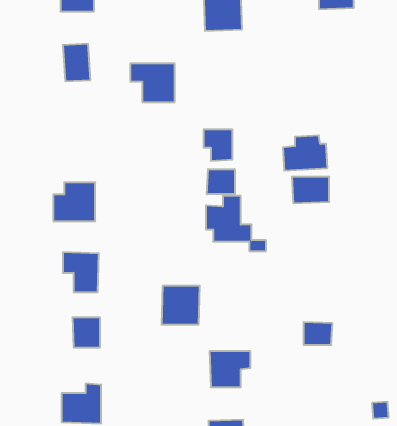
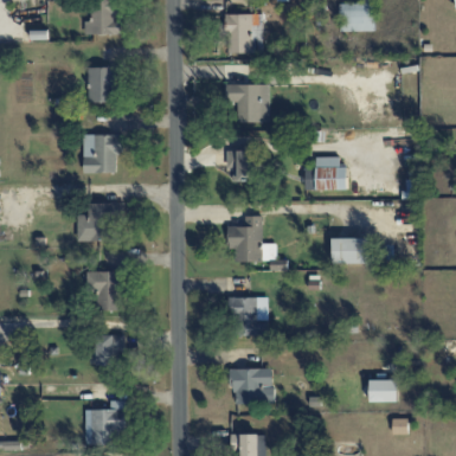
building: [130,64,175,102] -> [225,84,269,122]
building: none -> [83,134,122,173]
building: [207,169,235,194] -> none
building: [292,177,329,203] -> [332,238,368,264]
building: [161,286,200,324] -> [230,297,268,335]
building: [304,322,332,345] -> [368,379,397,402]

